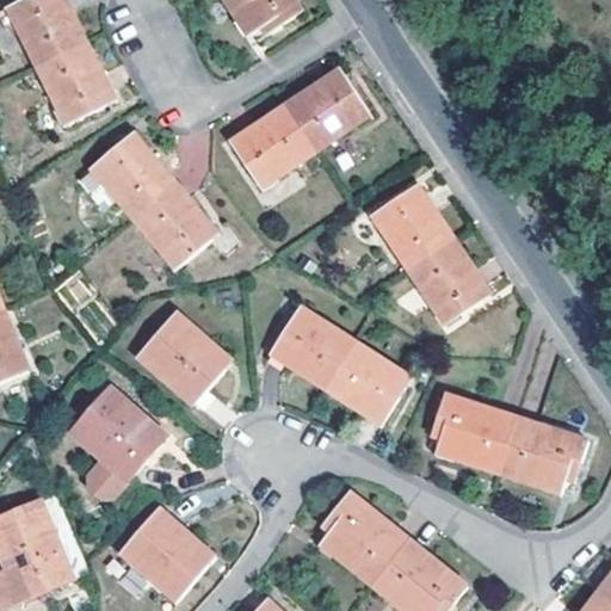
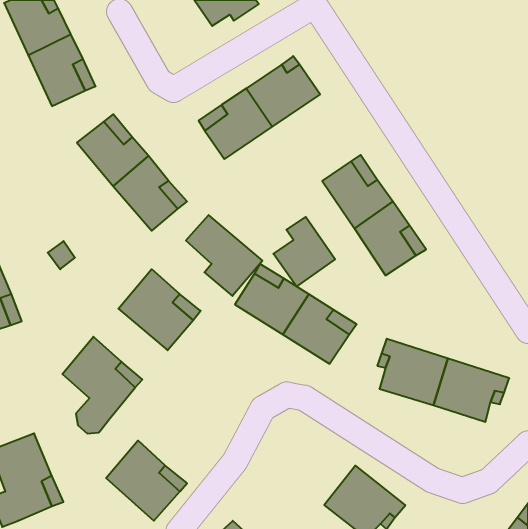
building: none -> [186,215,262,296]
building: none -> [273,217,335,286]
building: [320,490,408,582] -> none

